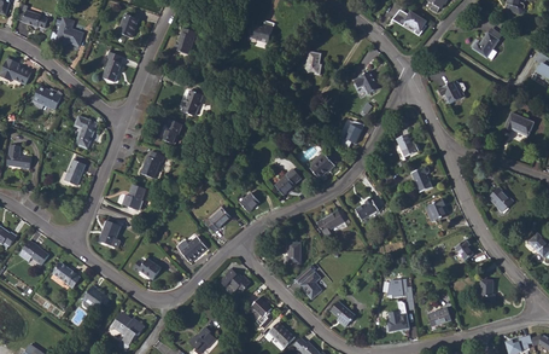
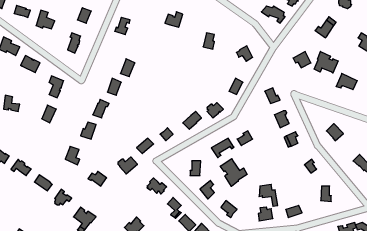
building: none -> [314,51,338,73]
building: none -> [220,159,247,186]

